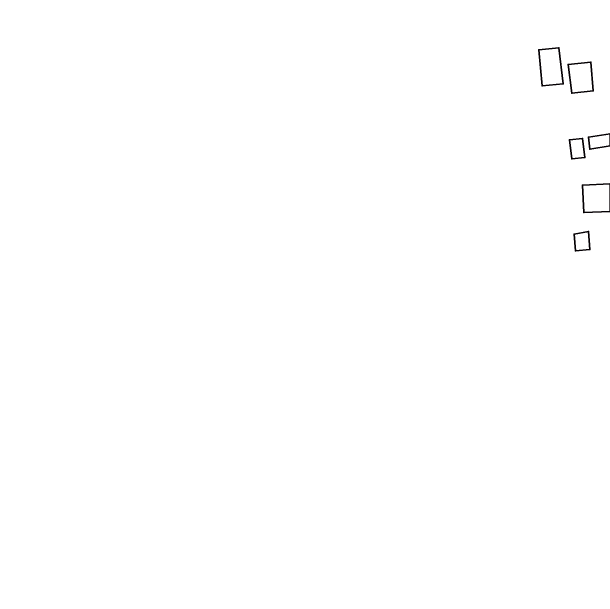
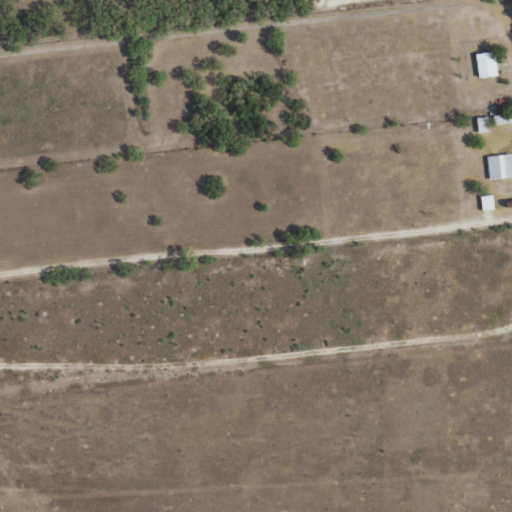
building: [539,48,563,86] -> none

